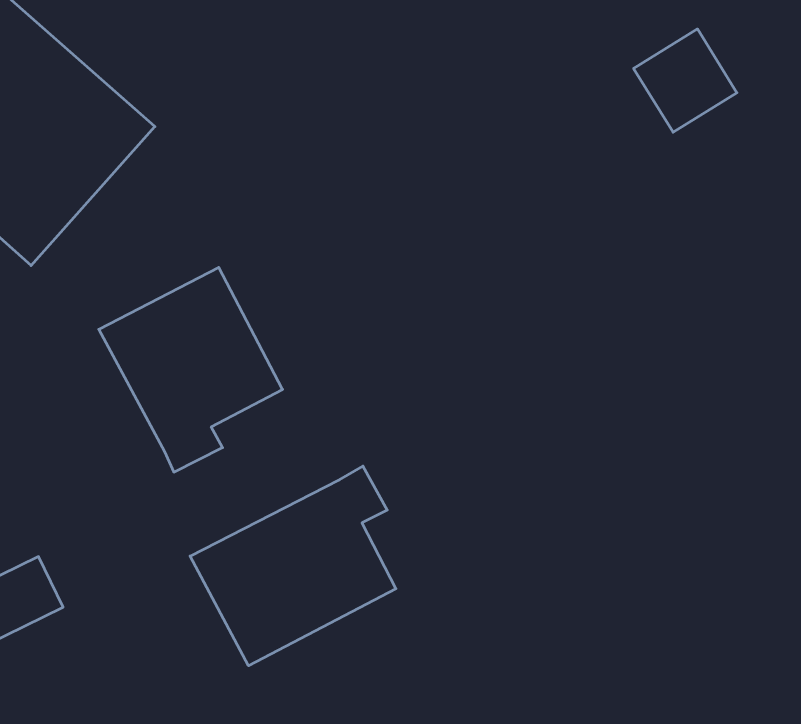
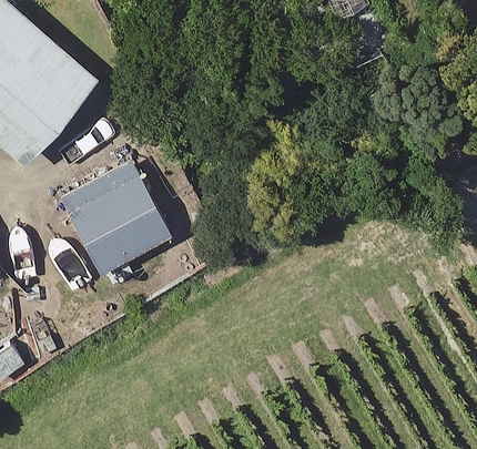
building: [190,466,396,666] -> none

